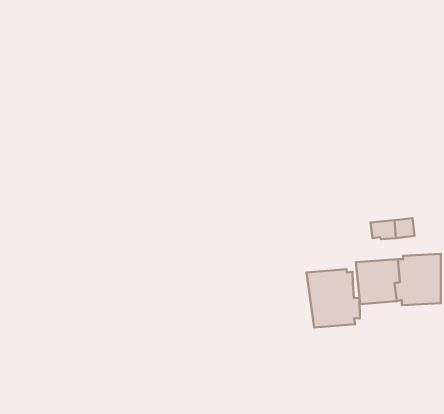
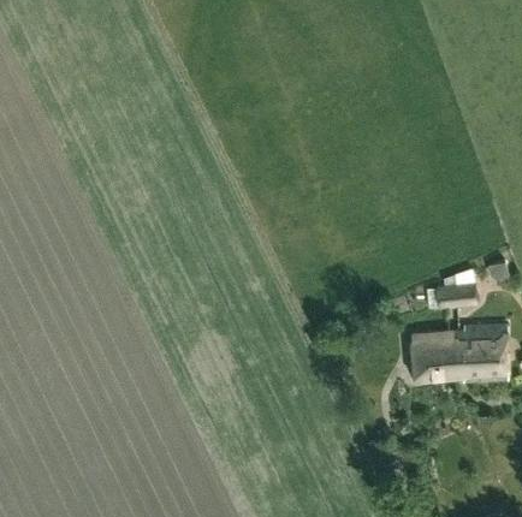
building: [306,269,360,328] -> none

